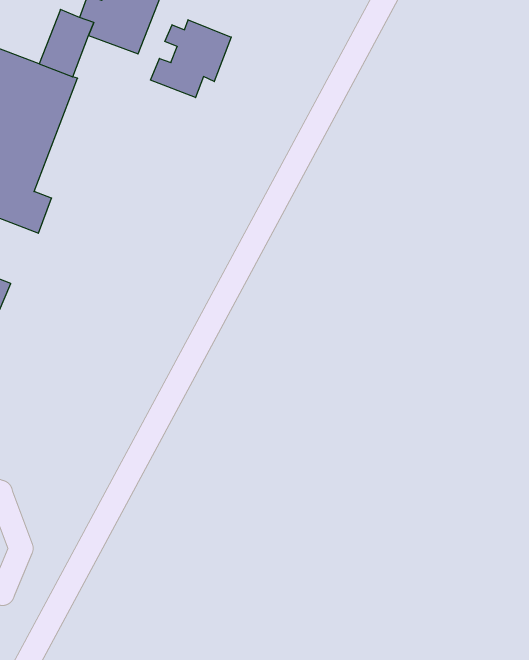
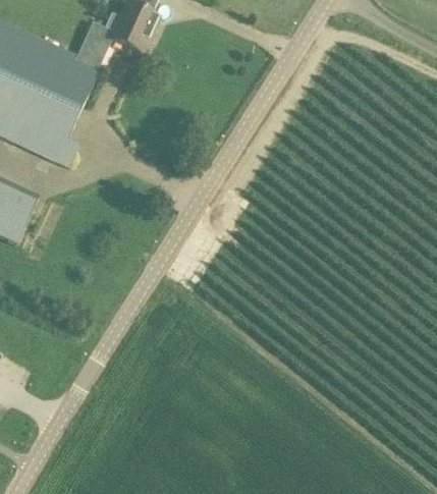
building: [150,20,231,98] -> none

